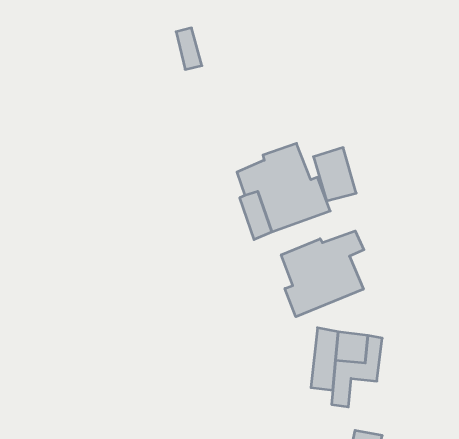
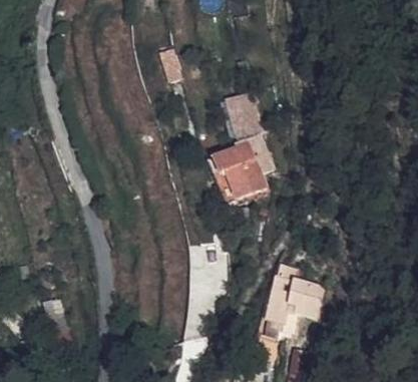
building: [313,148,356,201] -> [226,91,259,132]
building: [281,231,364,317] -> none

